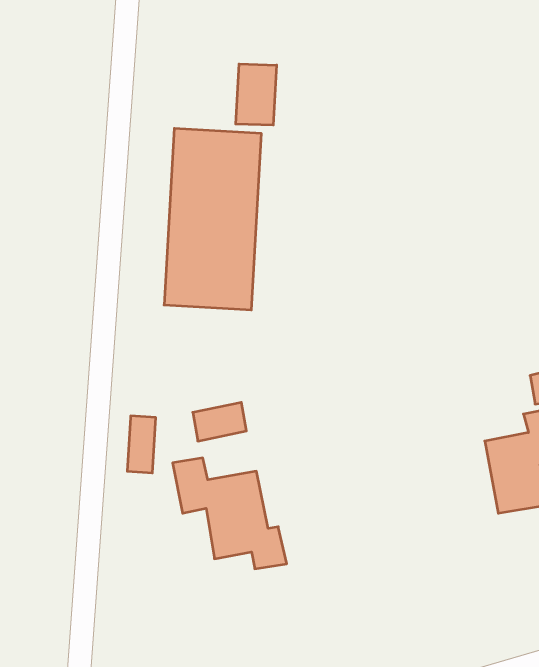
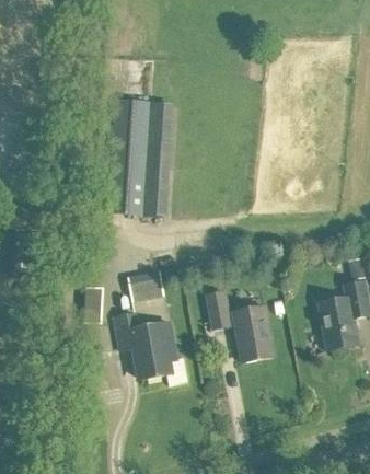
building: [236,64,277,125] -> none
building: none -> [207,291,274,361]

